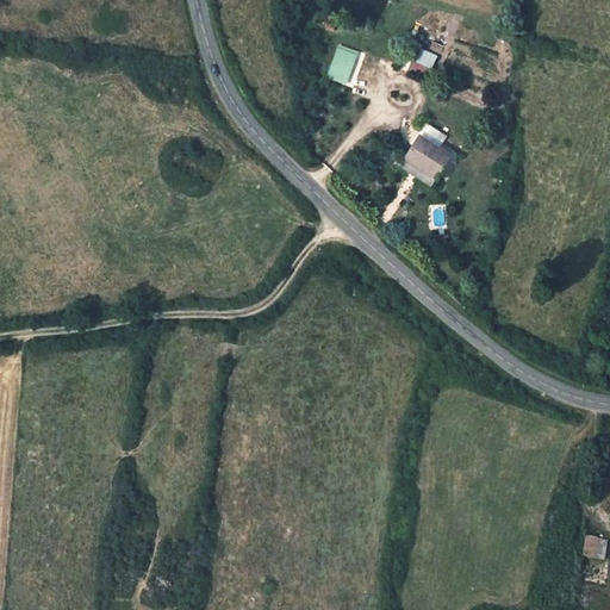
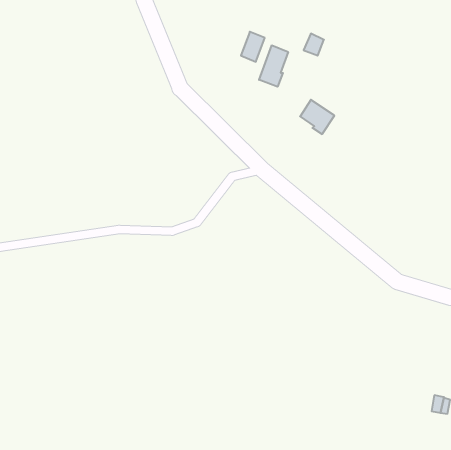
building: none -> [259,45,288,87]

